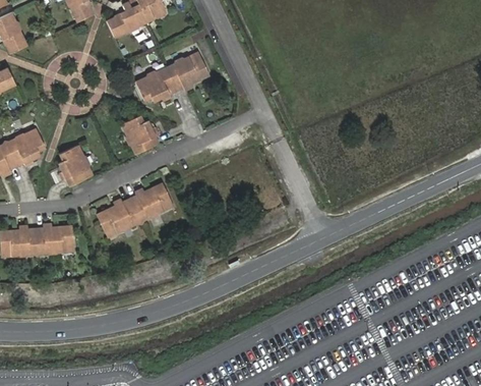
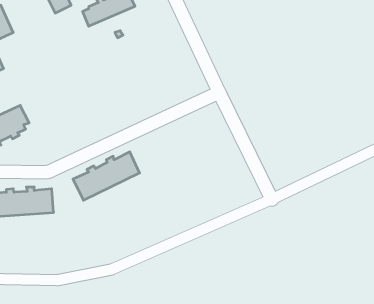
building: [134,52,208,103] -> none
building: [120,115,159,155] -> none
building: [57,145,93,186] -> none

